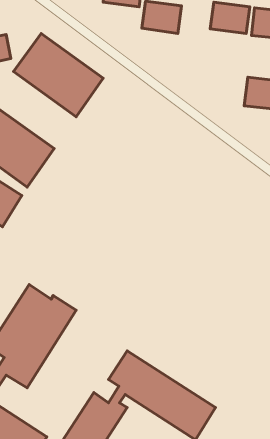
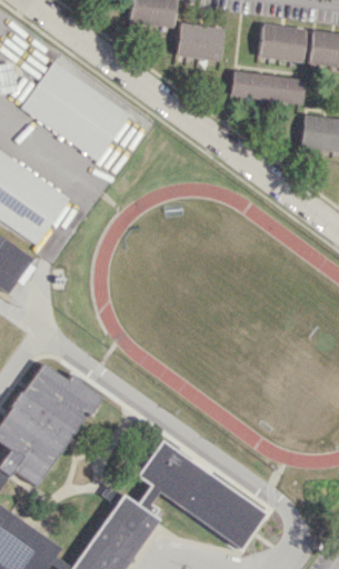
building: none -> [230,72,305,104]

